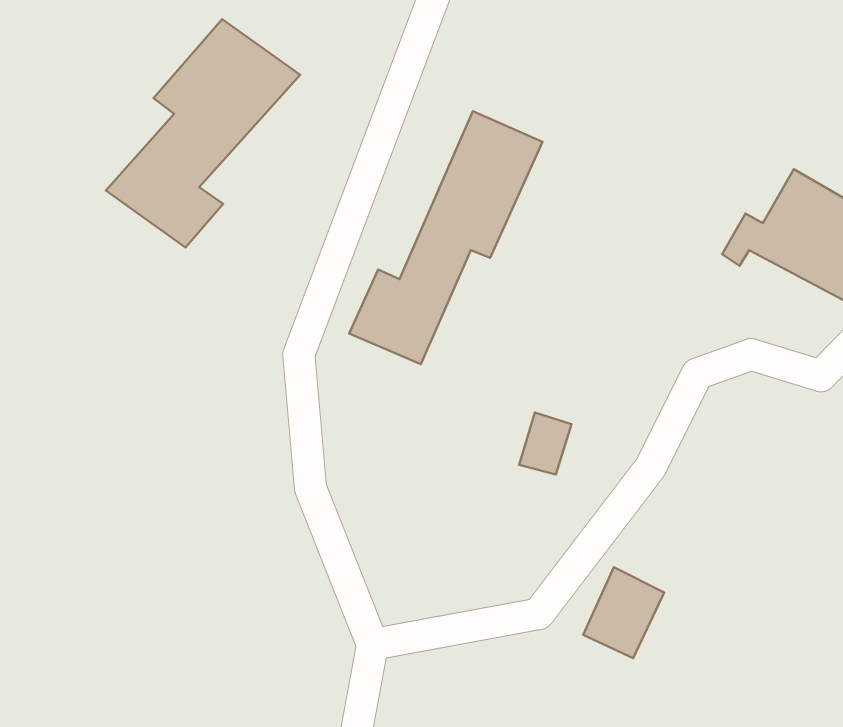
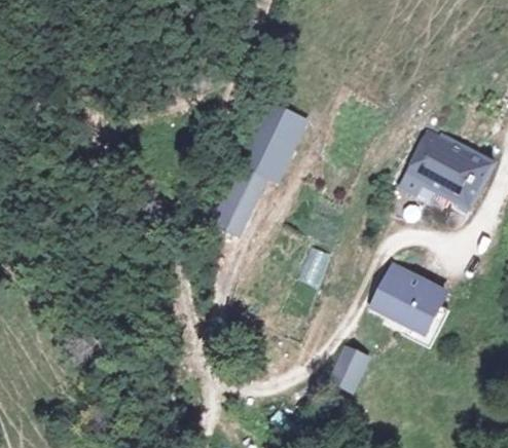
building: [106,19,300,248] -> none
building: none -> [370,264,448,345]

